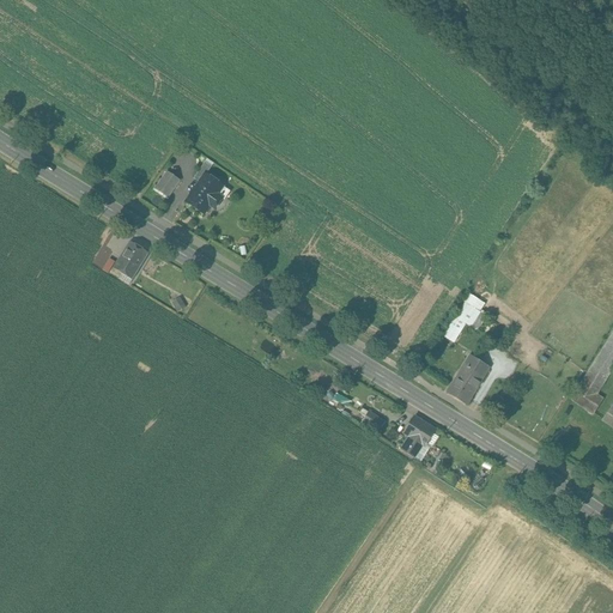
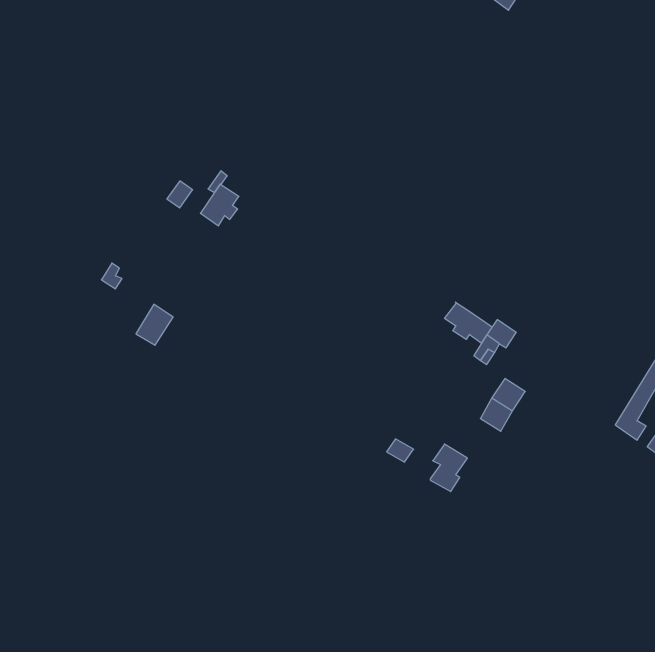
building: [115,238,150,277] -> [136,304,173,345]
building: none -> [445,302,492,343]

